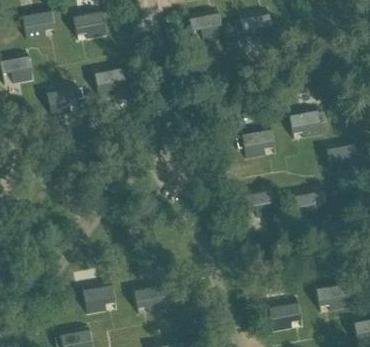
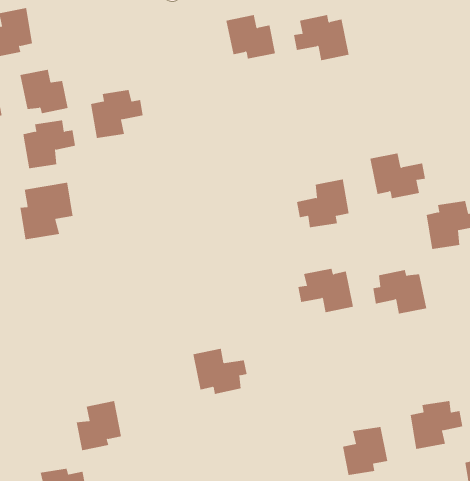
building: [72,8,106,39] -> [20,69,69,114]
building: none -> [20,182,73,240]
building: [133,281,171,313] -> [193,348,247,394]

